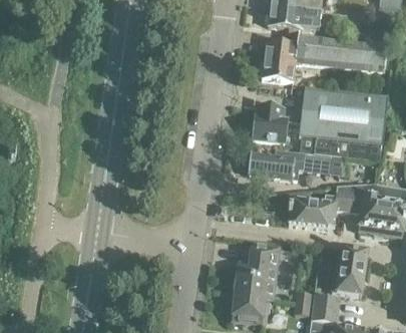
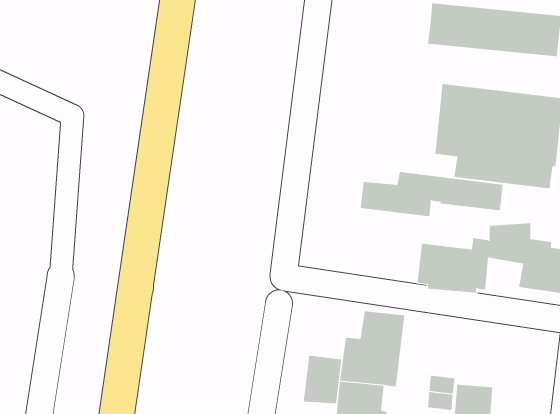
building: [261,41,297,80] -> none
building: [253,104,288,142] -> none
building: [330,247,367,295] -> none
building: none -> [303,355,342,404]

